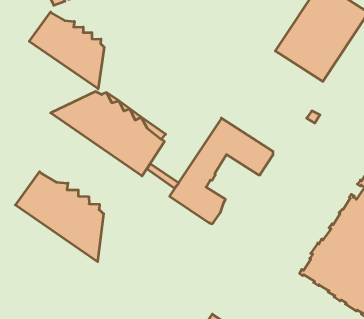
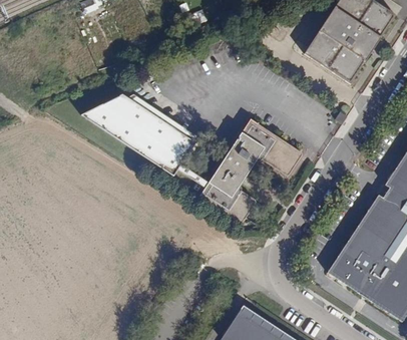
building: [29,12,104,89] -> none
building: [15,172,104,262] -> none

